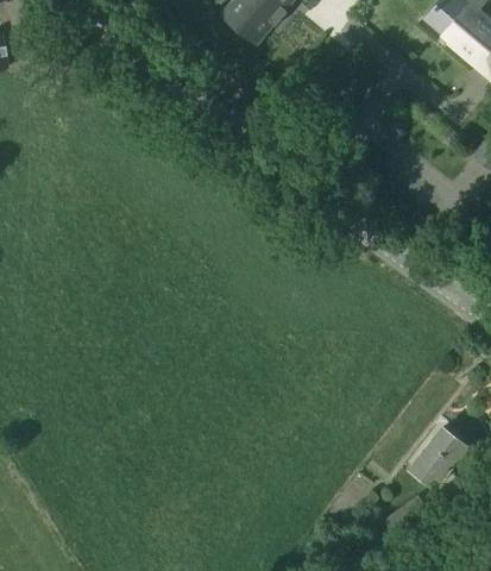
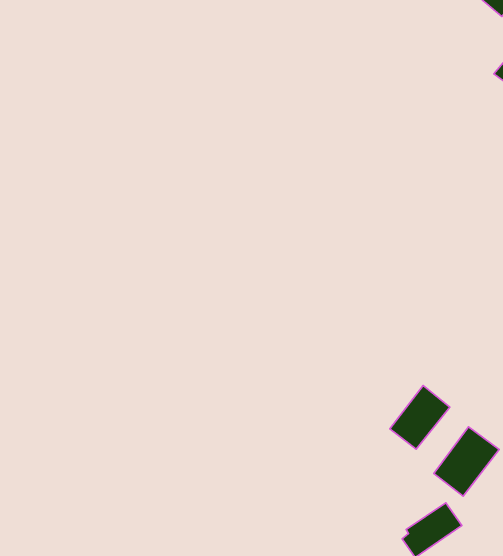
building: none -> [390,386,450,449]

